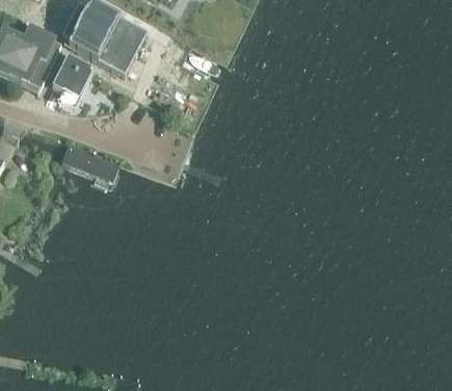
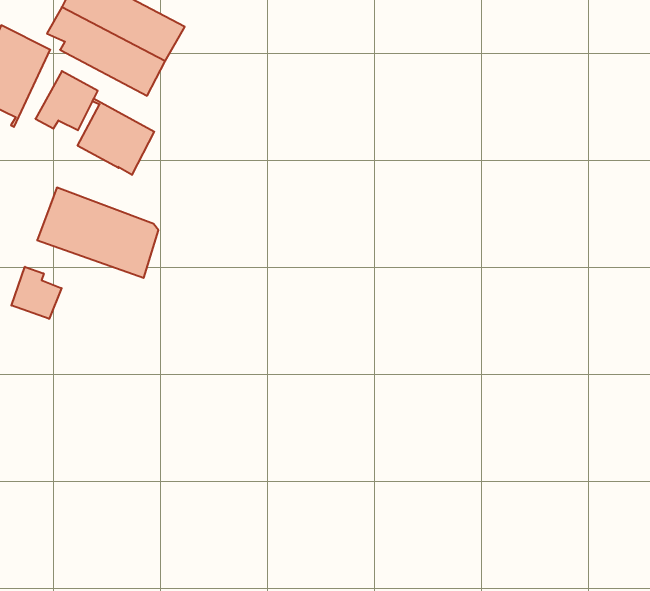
building: none -> [78,99,154,175]
building: none -> [11,267,62,319]

